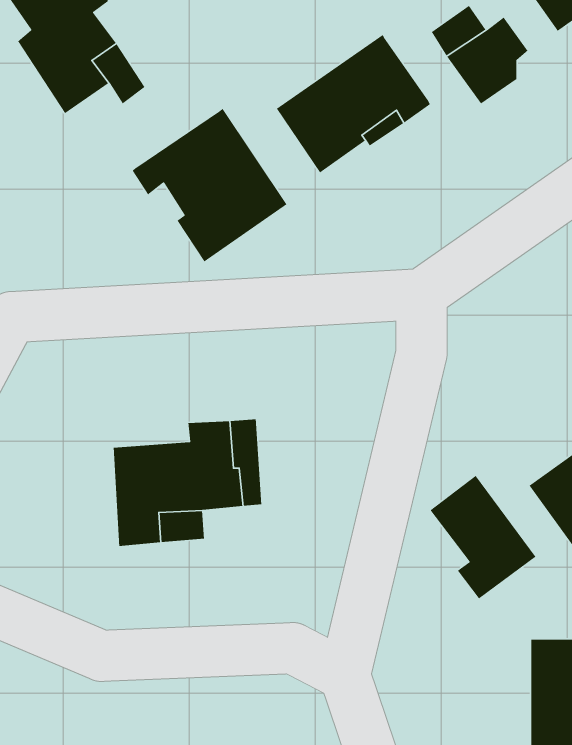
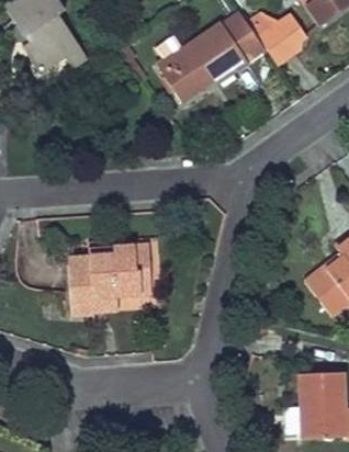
building: none -> [222,13,266,63]
building: [132,108,288,262] -> none
building: [430,475,537,600] -> none

